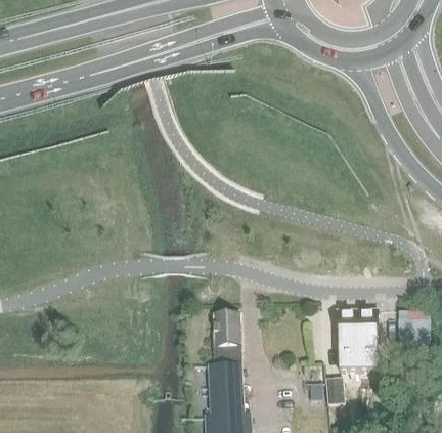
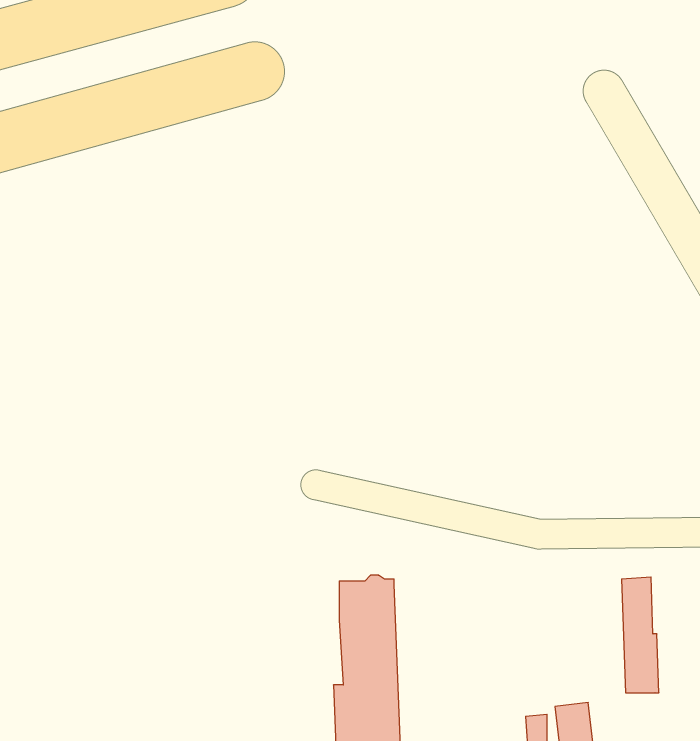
building: [337,313,360,374] -> none

